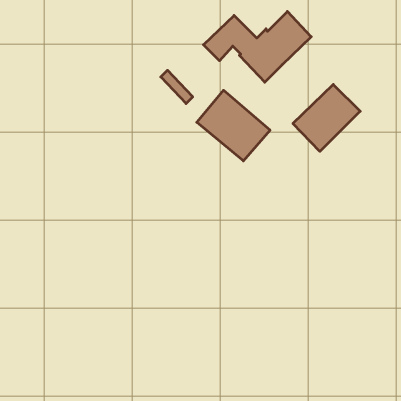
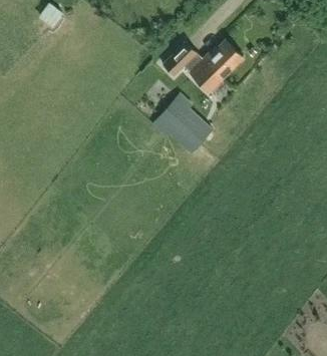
building: [293,84,360,151] -> none

